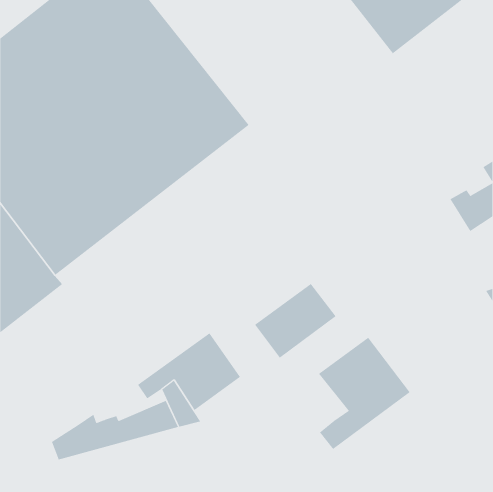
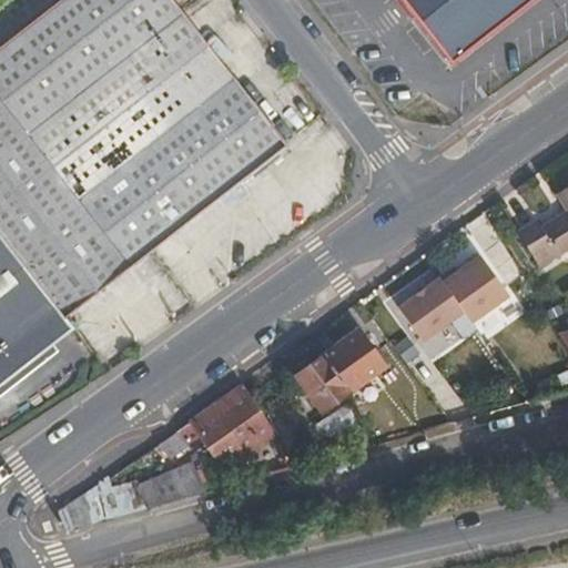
building: none -> [396,246,509,344]
building: [318,337,410,450] -> none

